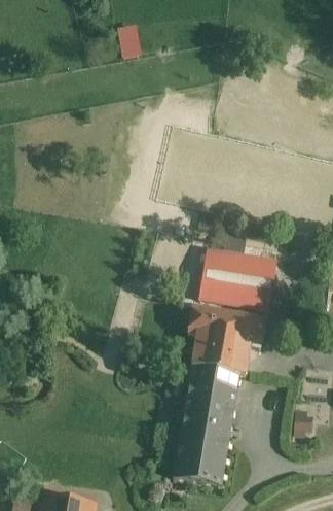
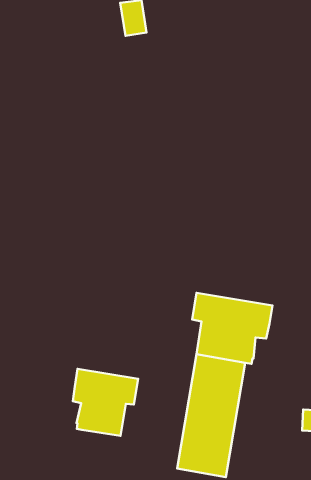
building: [199,247,279,310] -> none
building: none -> [73,369,138,436]

